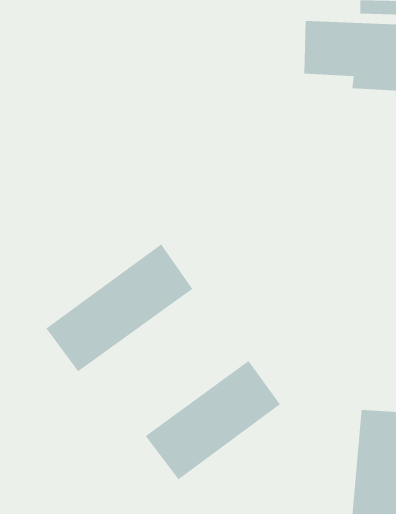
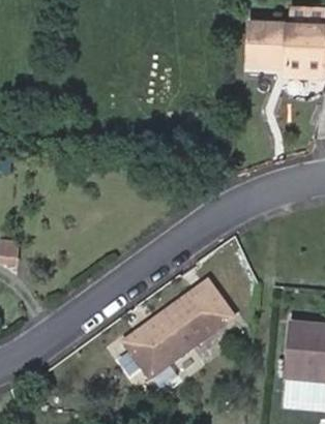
building: [46,244,193,372] -> none

